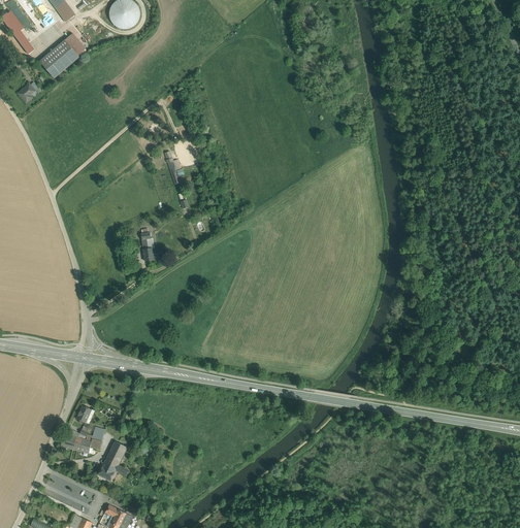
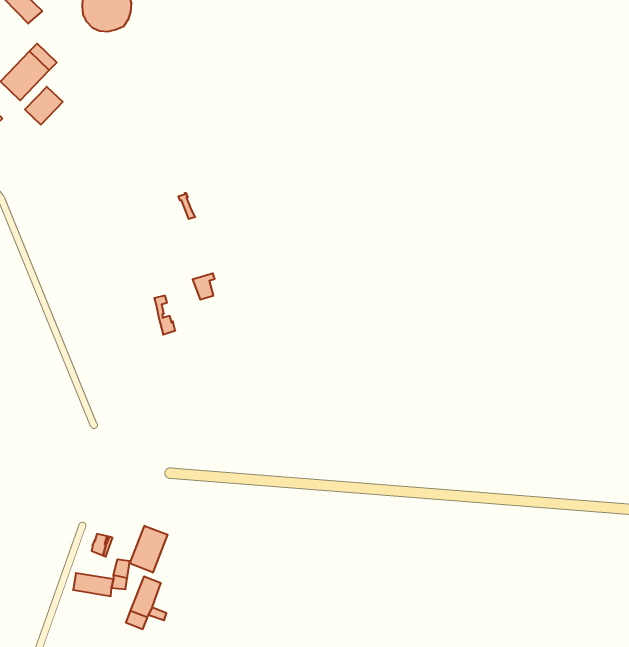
building: none -> [25,87,63,125]
building: none -> [130,526,168,573]

